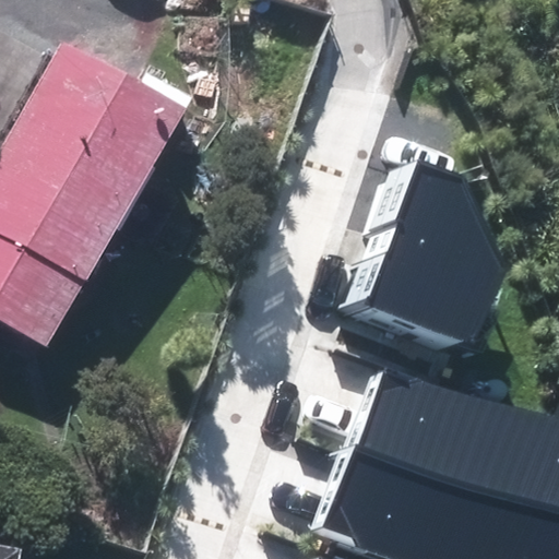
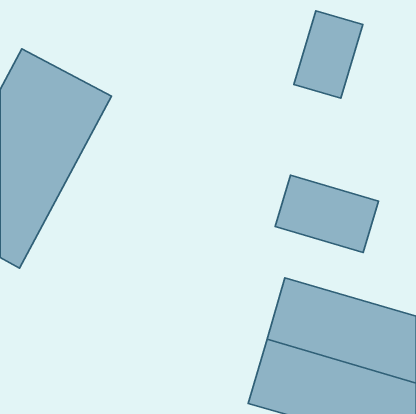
building: none -> [294,11,363,98]
building: [390,164,508,273] -> none

